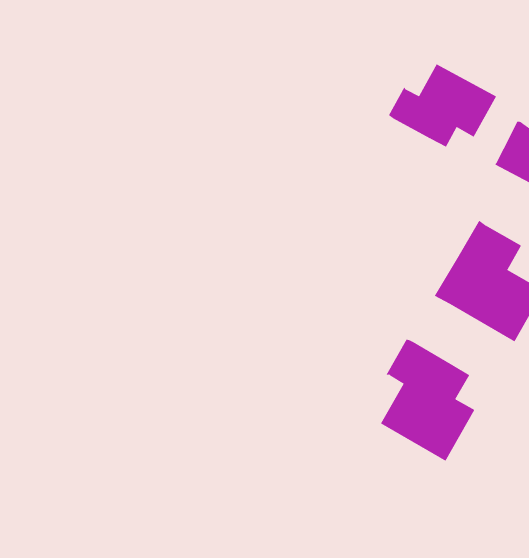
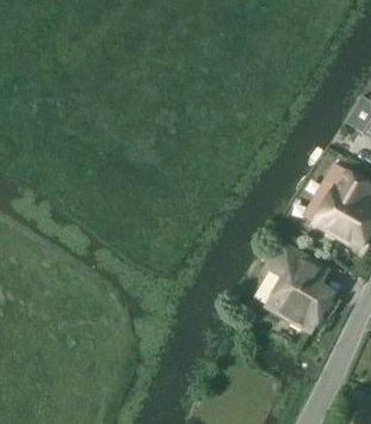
building: [388,64,497,147] -> none

